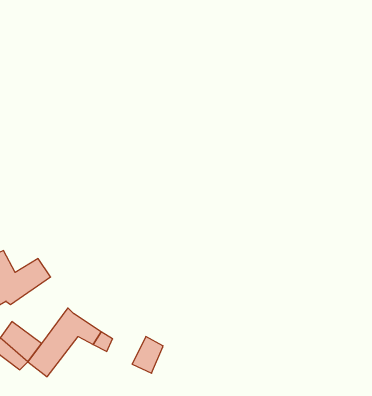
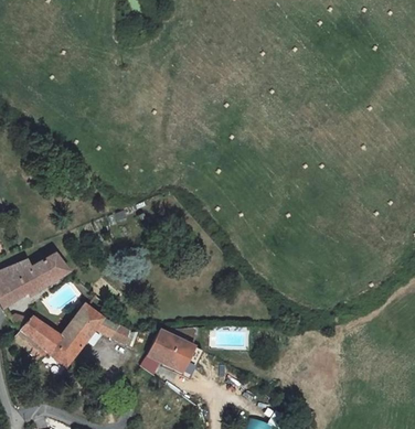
building: none -> [166,339,195,371]

